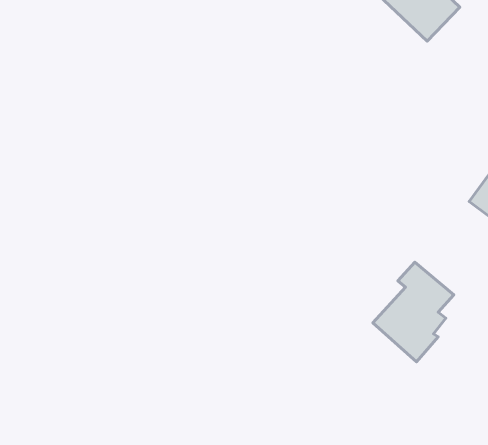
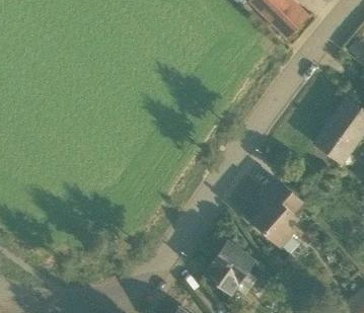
building: none -> [203,240,254,294]

